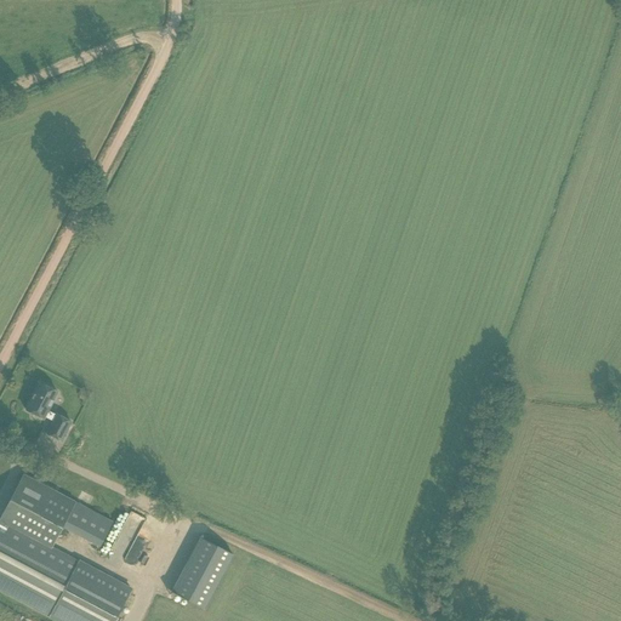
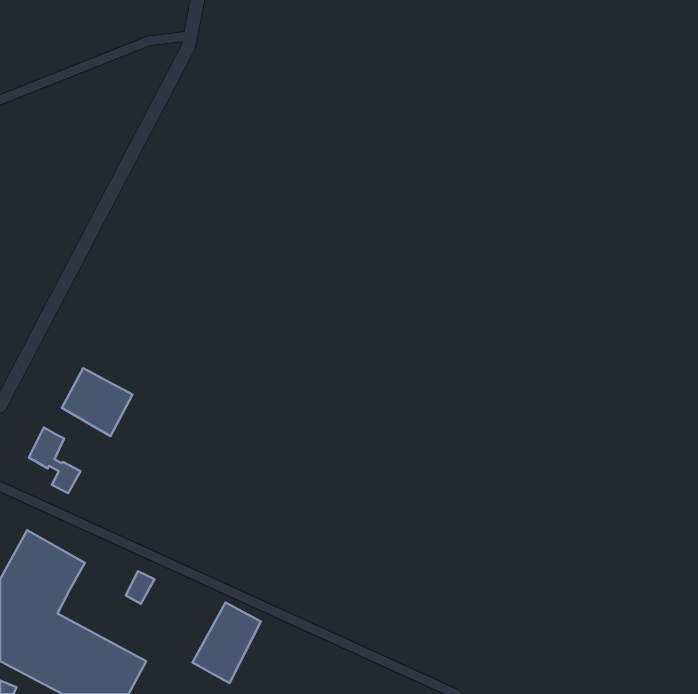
building: none -> [62,368,132,436]
building: [62,500,112,543] -> none

